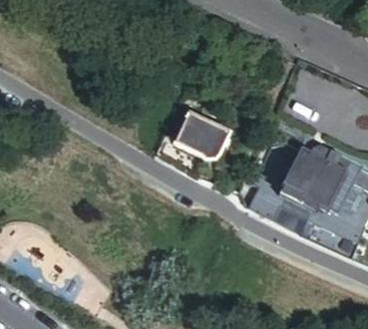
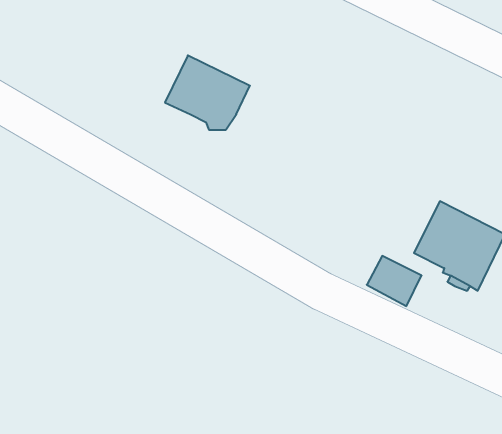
building: [176,113,233,162] -> [165,55,250,130]

